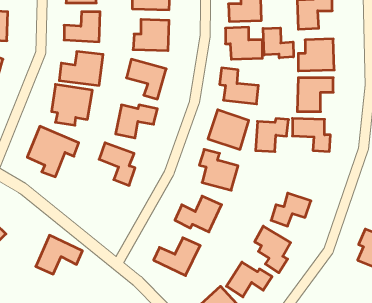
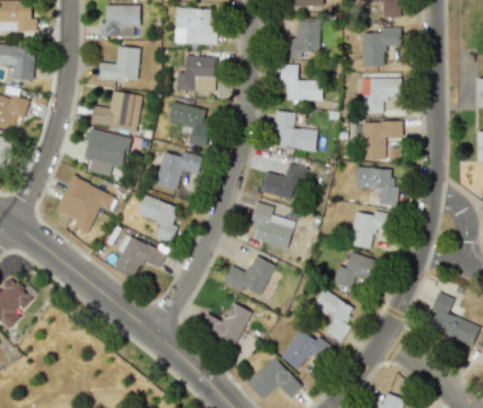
building: [263,28,293,58] -> none
building: [256,119,289,152] -> [350,211,387,248]
building: [36,235,82,274] -> [113,236,166,280]

